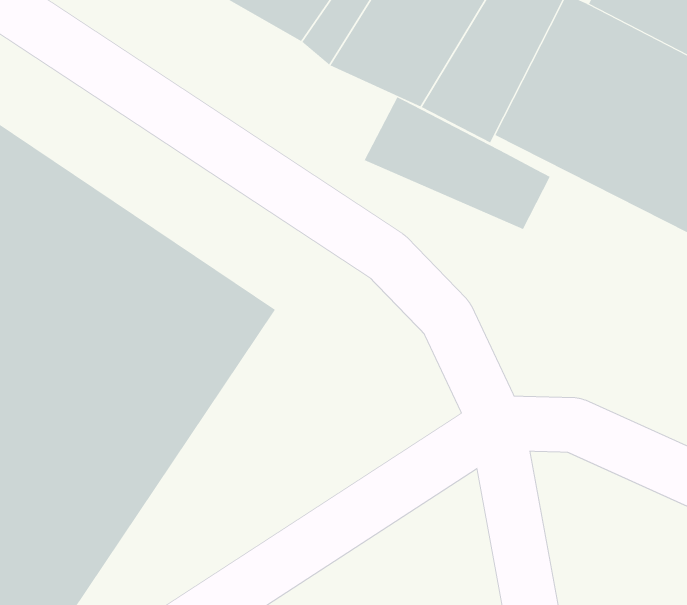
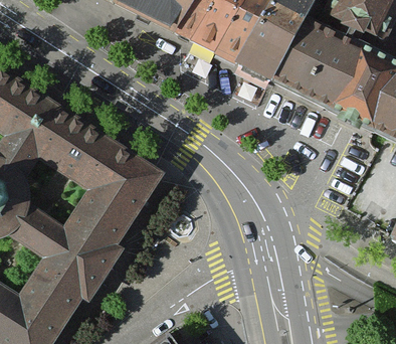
building: [364,96,551,230] -> none

